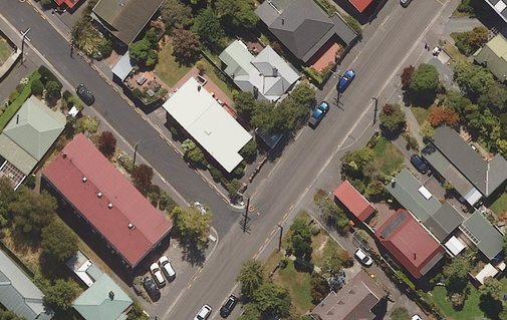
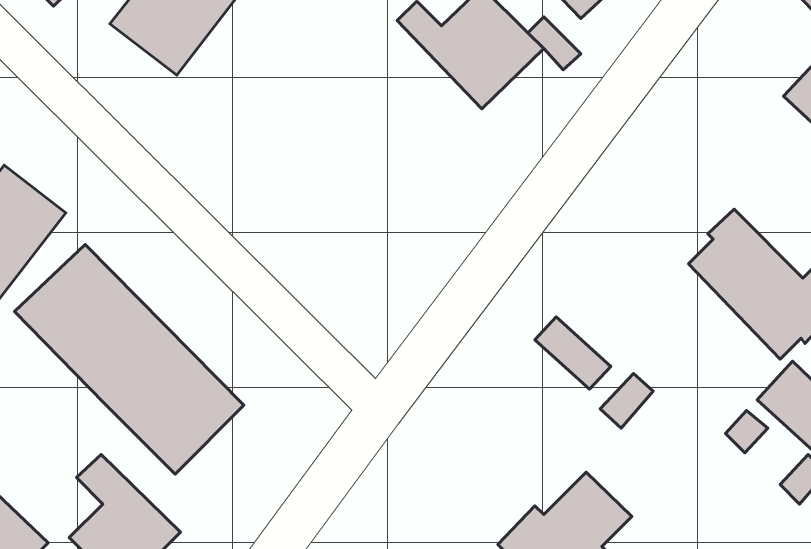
building: [218,36,302,113] -> none
building: [164,77,252,171] -> none
building: [383,165,463,242] -> none
building: [388,230,439,281] -> none

